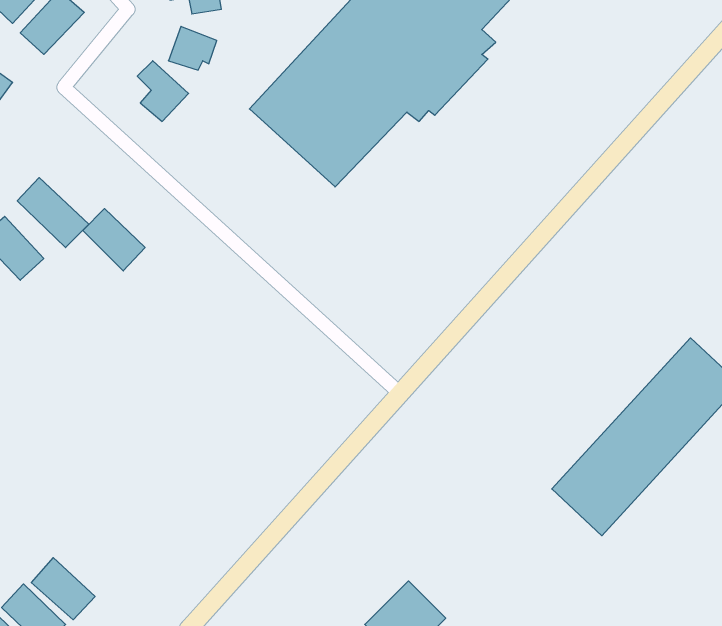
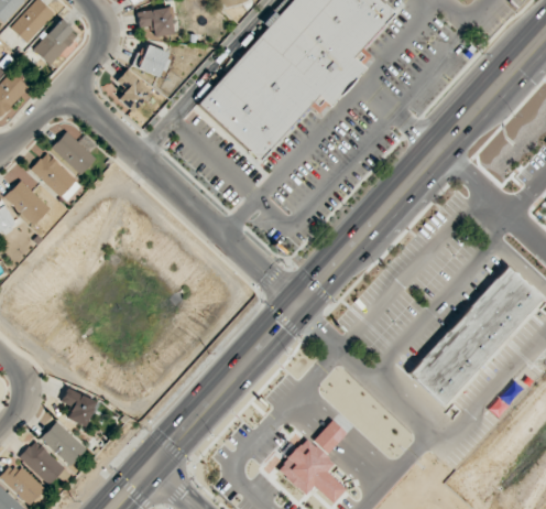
building: [83,209,145,271] -> [53,131,97,175]
building: none -> [62,389,99,427]
building: none -> [314,420,347,454]

